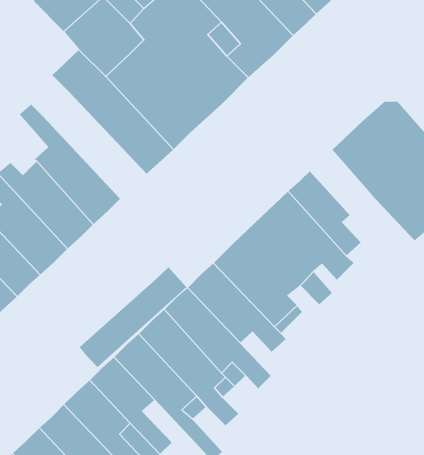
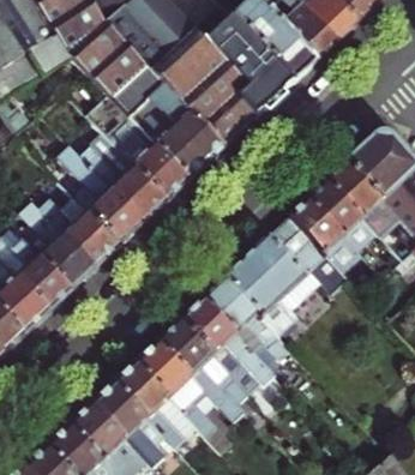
building: none -> [73,130,164,223]
building: none -> [308,180,371,255]
building: [79,266,187,368] -> none

